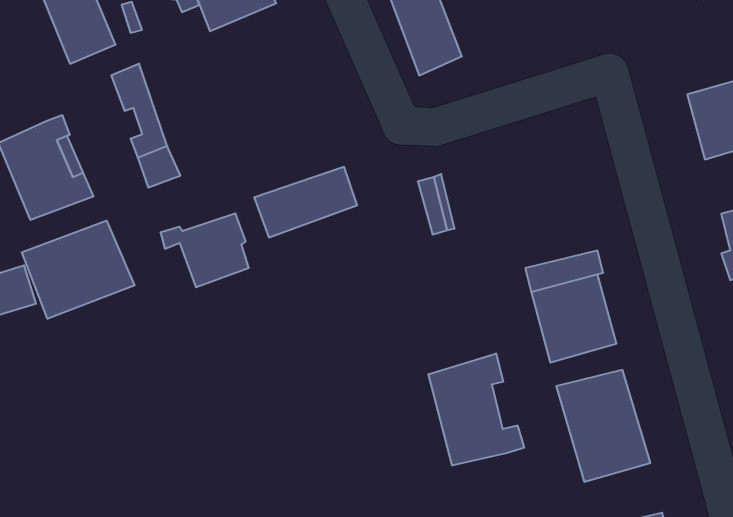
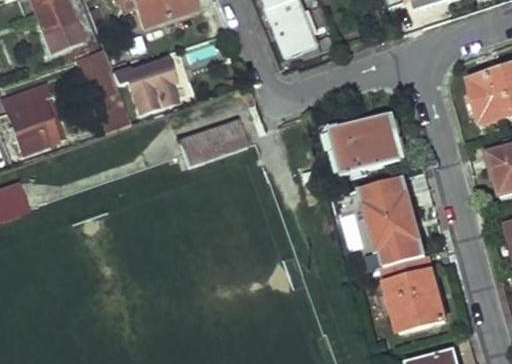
building: none -> [328,114,398,176]
building: [160,213,249,287] -> [111,62,171,112]
building: [22,221,135,319] -> none
building: [428,353,524,465] -> none

